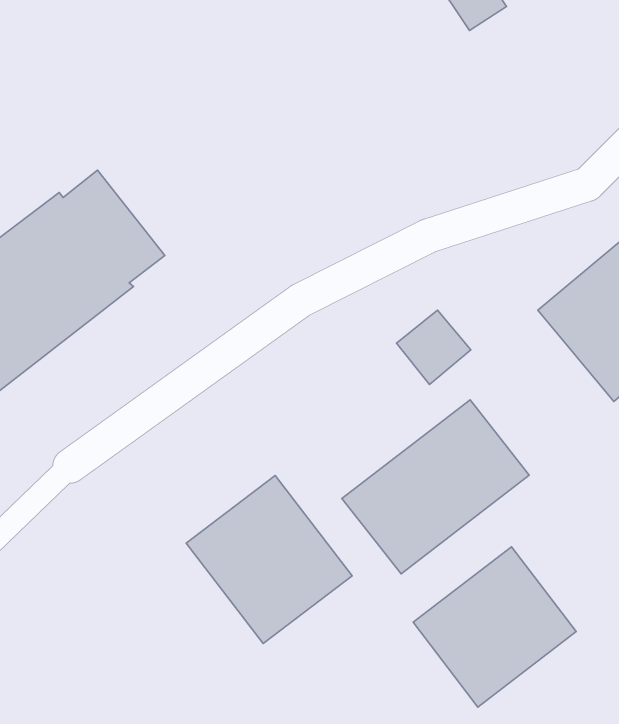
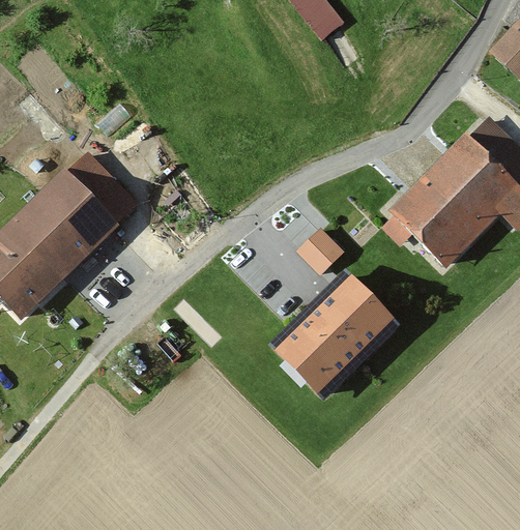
building: [186,476,352,643] -> none
building: [413,547,576,707] -> none

